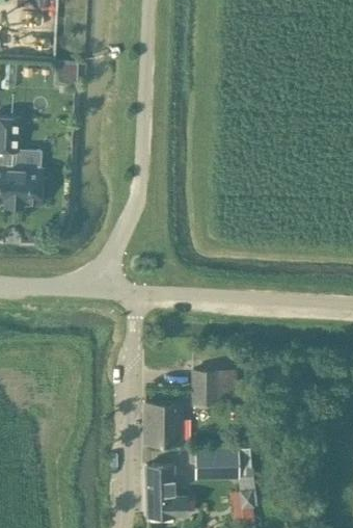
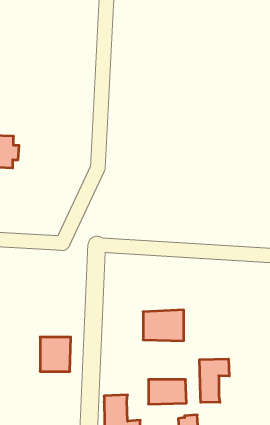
building: [145,404,181,444] -> [40,337,71,371]
building: none -> [200,359,229,402]

